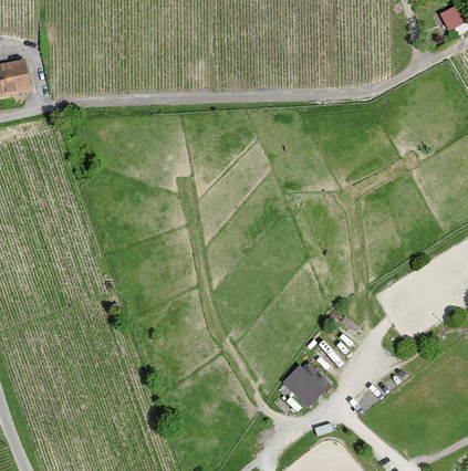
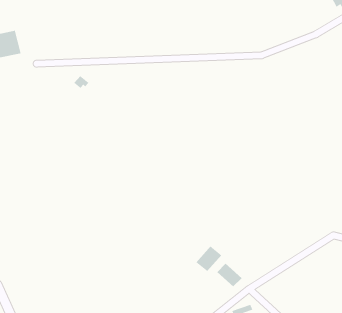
building: none -> [196,246,222,272]

